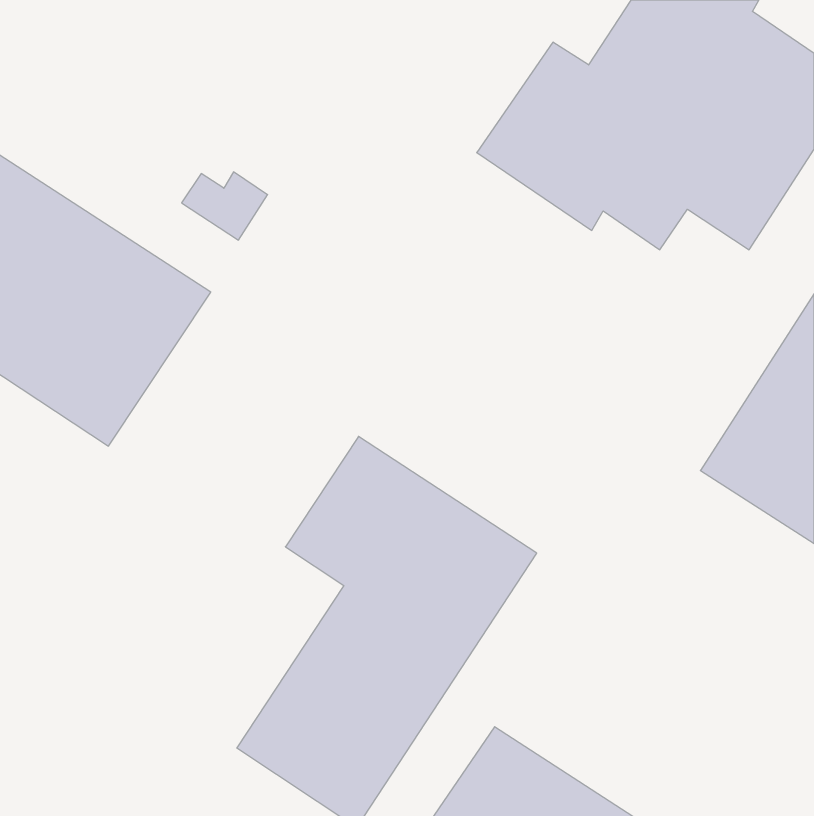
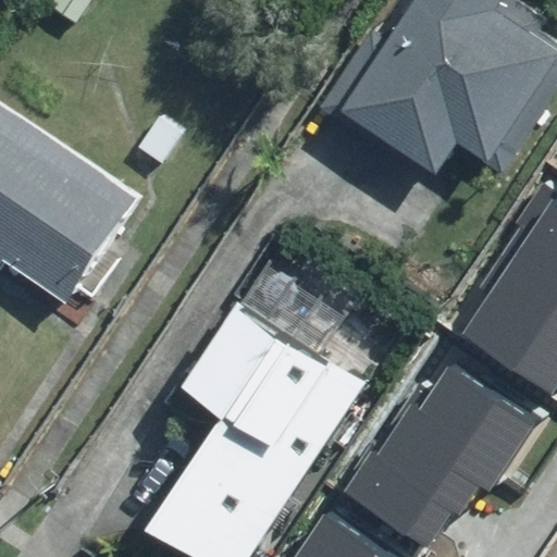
building: none -> [359,357,541,536]

